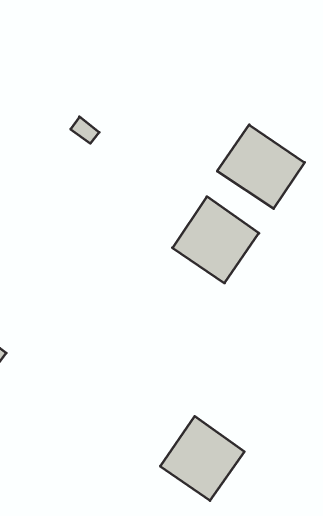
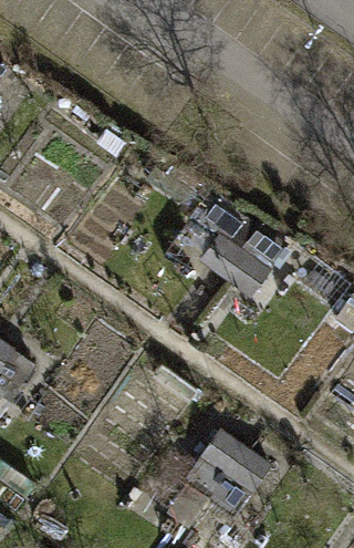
building: [217,125,305,209] -> none

